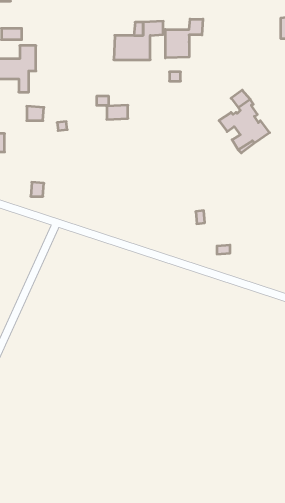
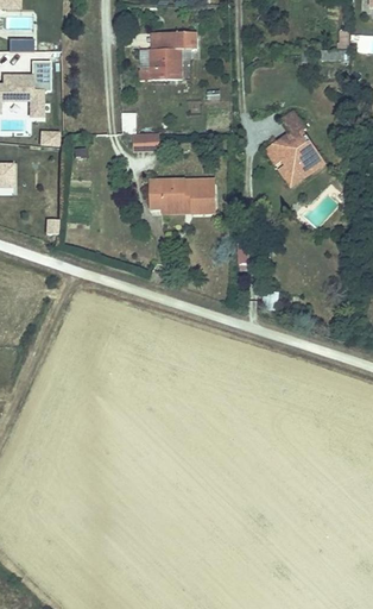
building: [165,19,203,58] -> none
building: none -> [150,178,214,212]

